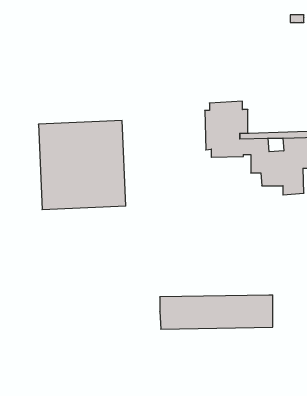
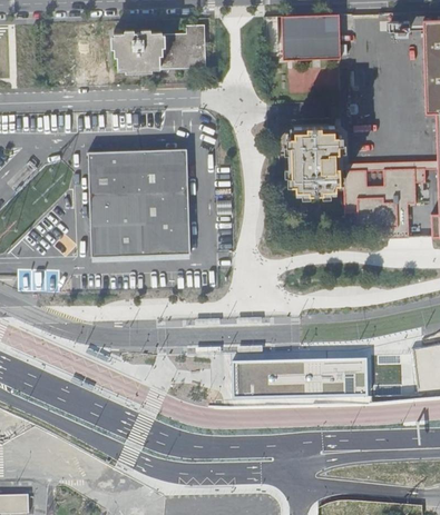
building: none -> [281,9,340,60]
building: none -> [115,22,207,70]

